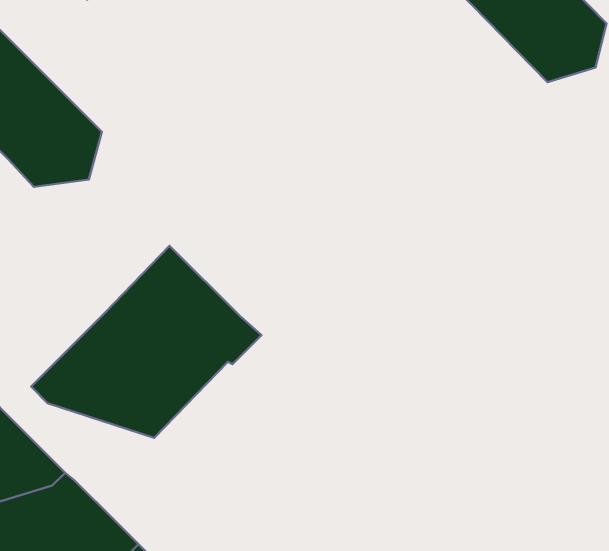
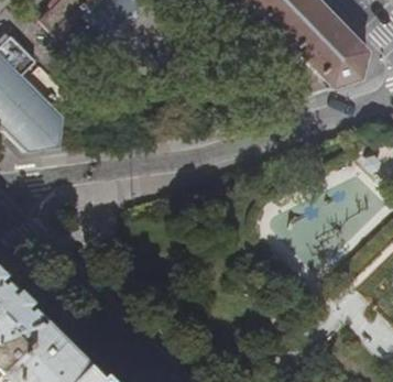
building: [31,246,261,438] -> none

